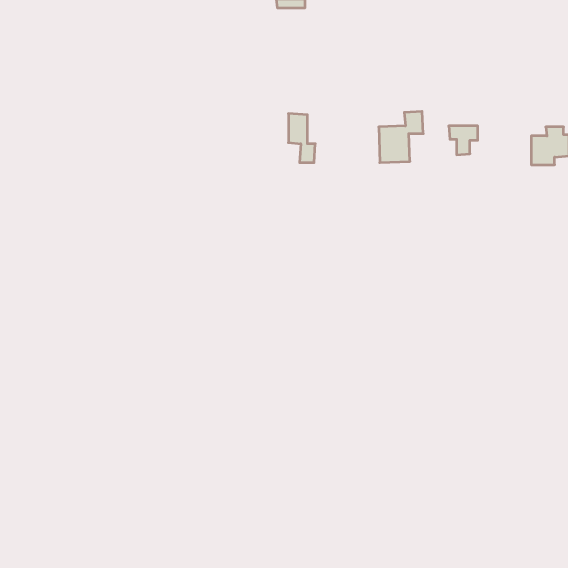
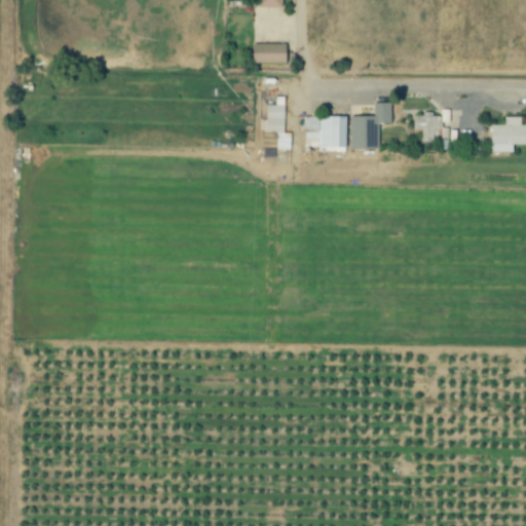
building: none -> [252,43,287,63]
building: none -> [306,116,345,148]

